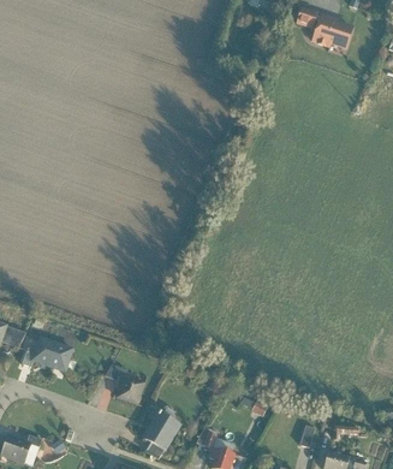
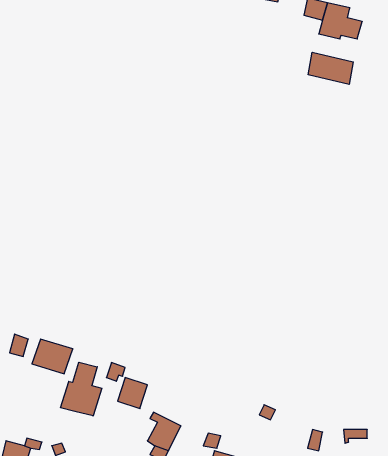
building: none -> [308,52,353,84]
building: none -> [61,362,102,416]

